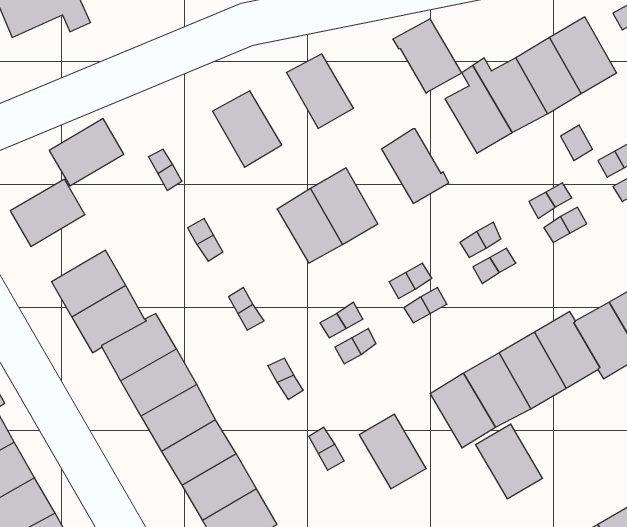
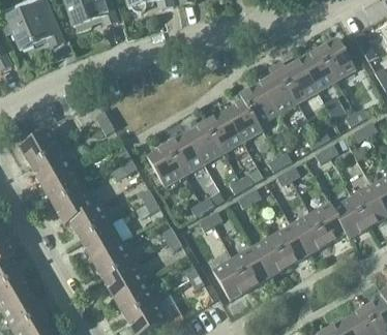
building: [393,19,462,93] -> [239,84,277,125]
building: [286,54,354,129] -> [205,112,242,153]
building: [213,91,282,167] -> [146,145,184,187]
building: [49,119,124,186] -> [30,148,71,185]
building: [475,424,543,499] -> [232,247,269,288]

